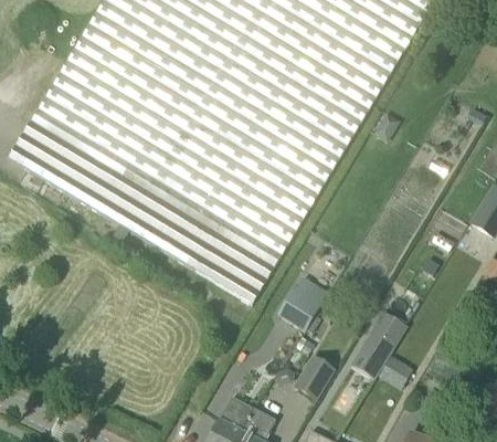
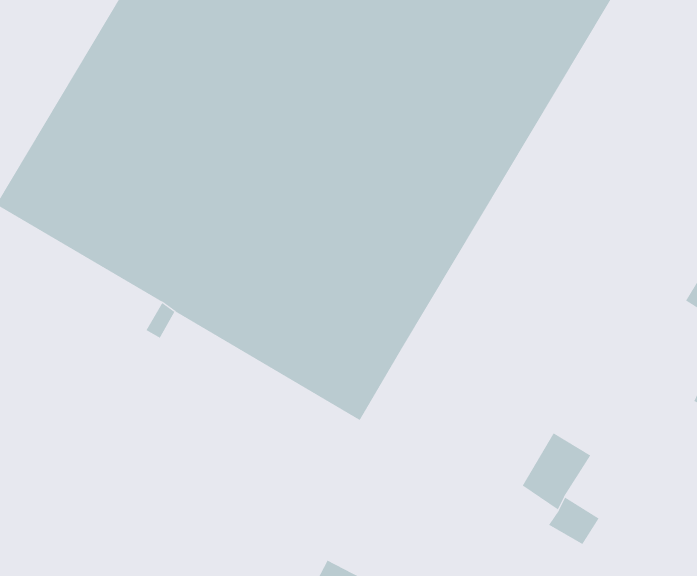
building: [276,275,328,332] -> none
building: [294,356,332,399] -> none

